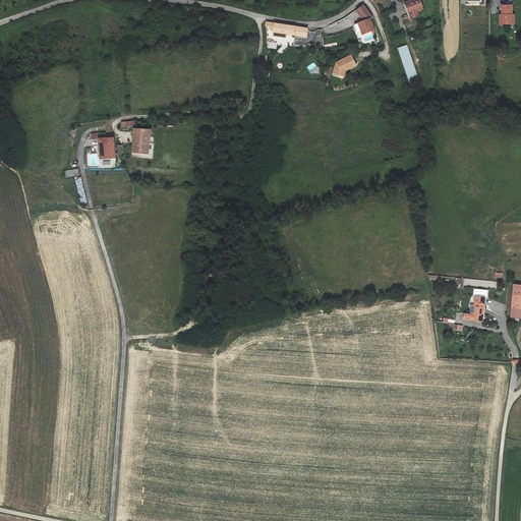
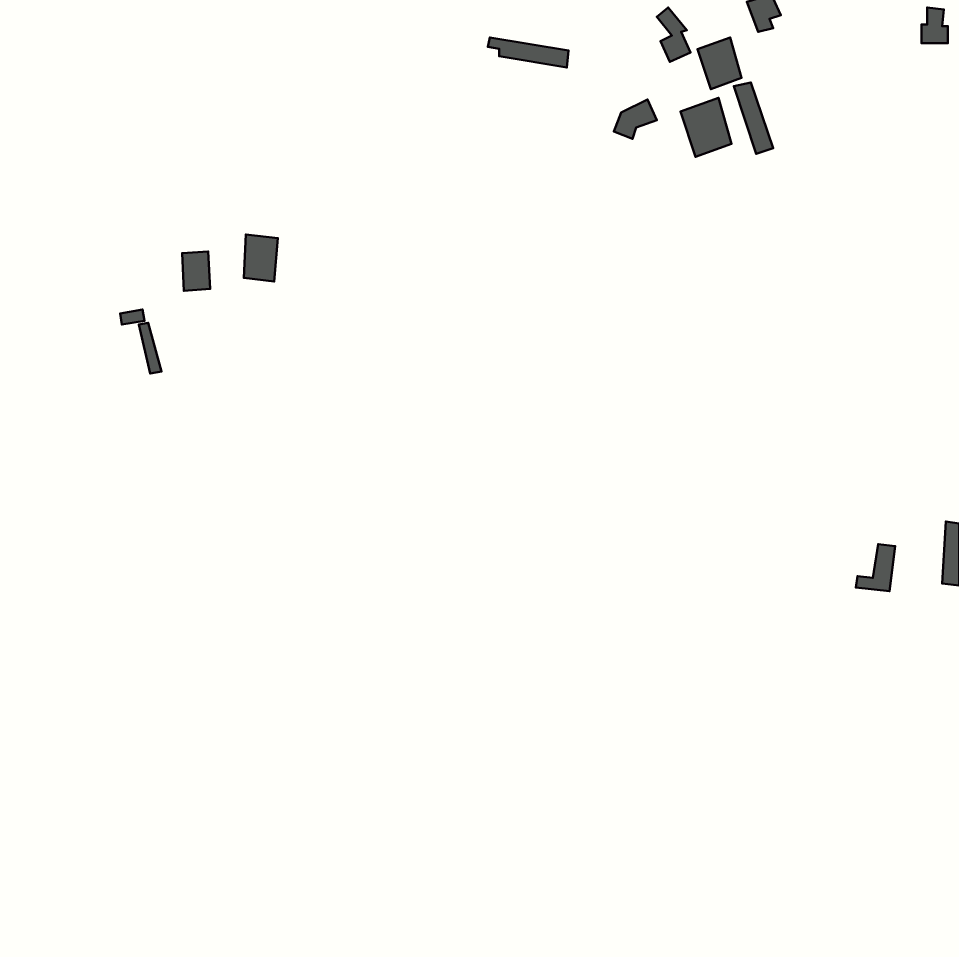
building: none -> [698,37,741,89]
building: none -> [680,98,731,157]

